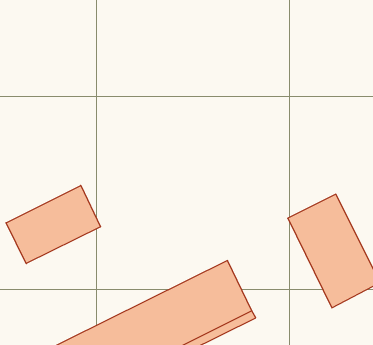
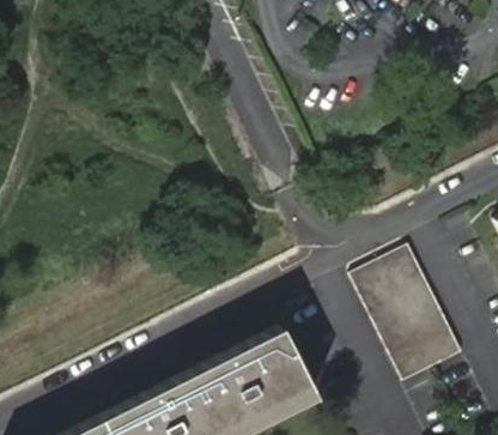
building: [6,185,100,264] -> none

